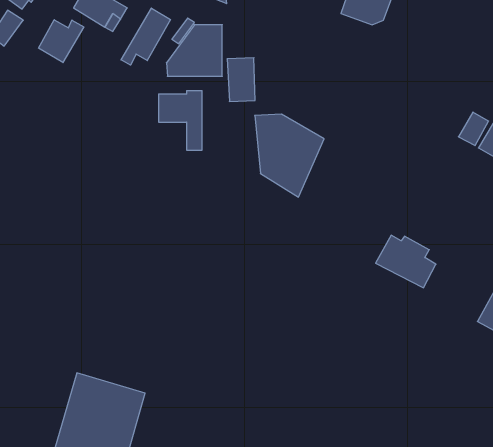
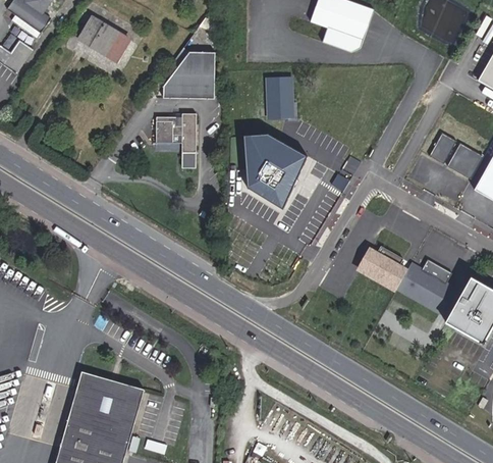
building: [121,8,170,65] -> none
building: [39,20,84,63] -> none
building: [227,58,255,101] -> [266,76,291,116]
building: none -> [397,260,453,315]

